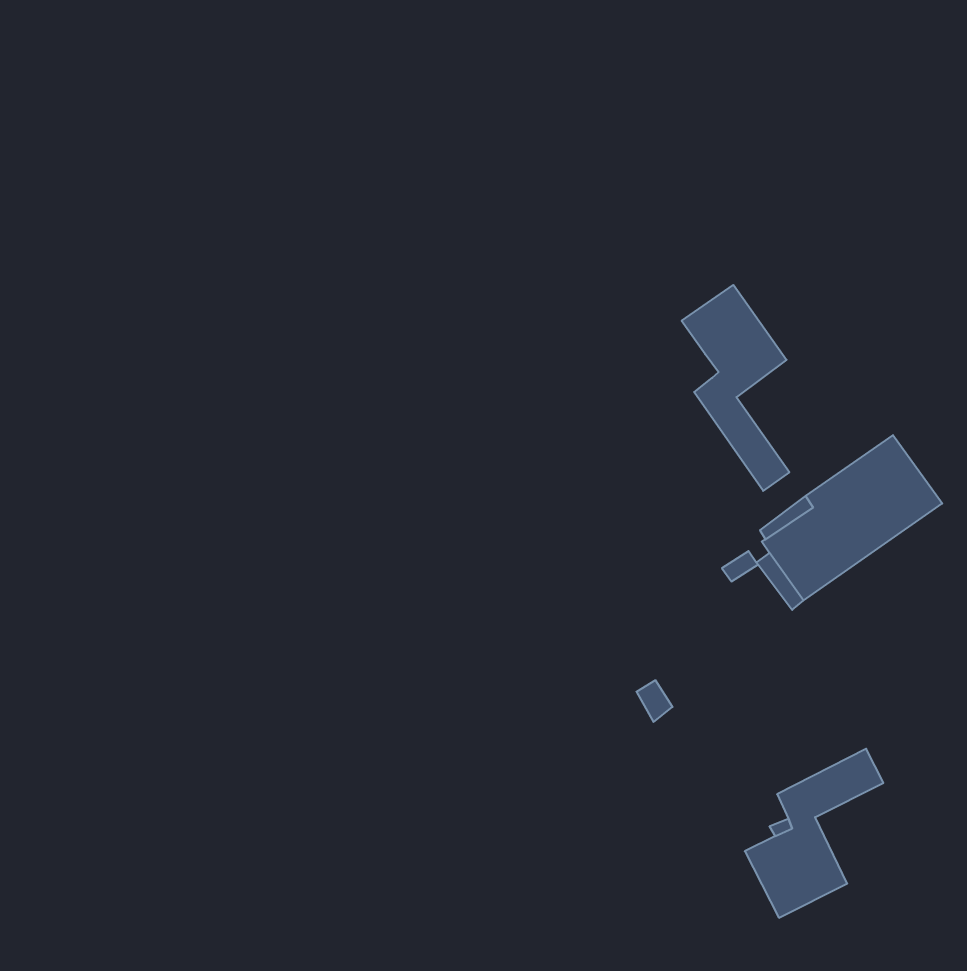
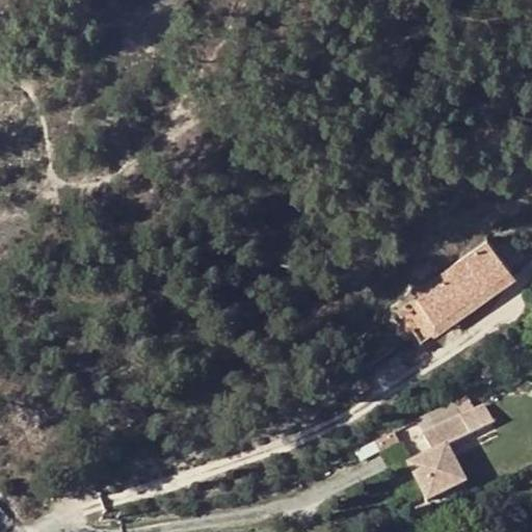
building: [682,285,789,491] -> none

